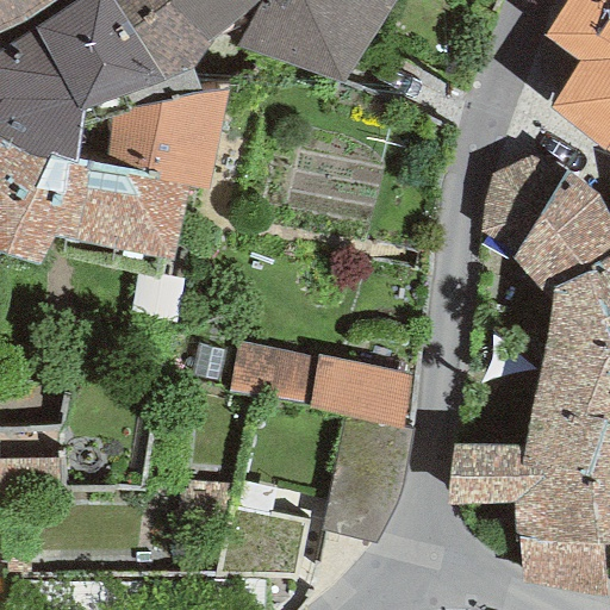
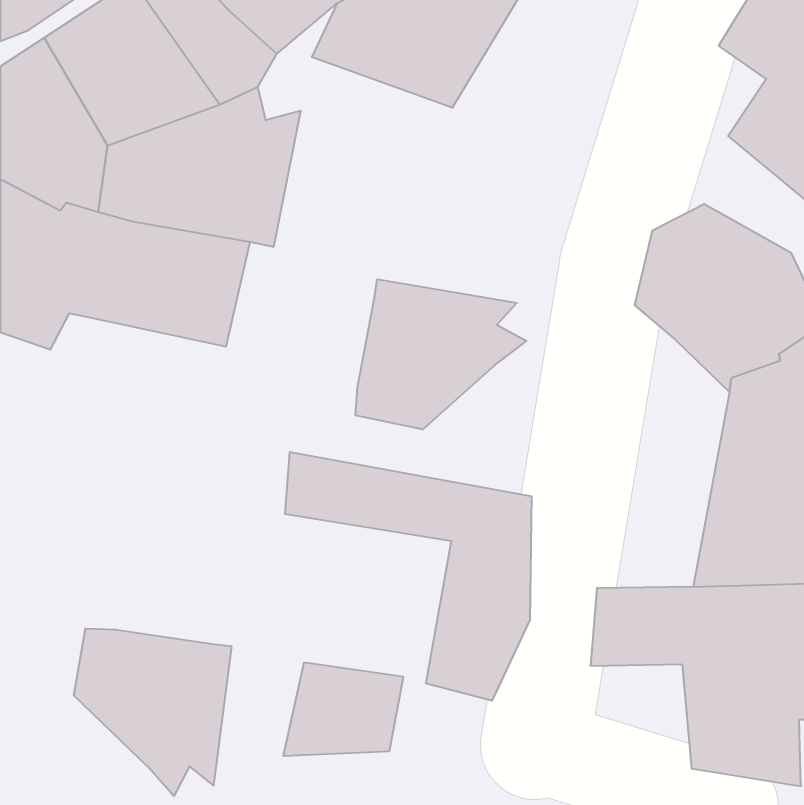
building: none -> [356,279,526,430]
building: none -> [74,628,232,796]

